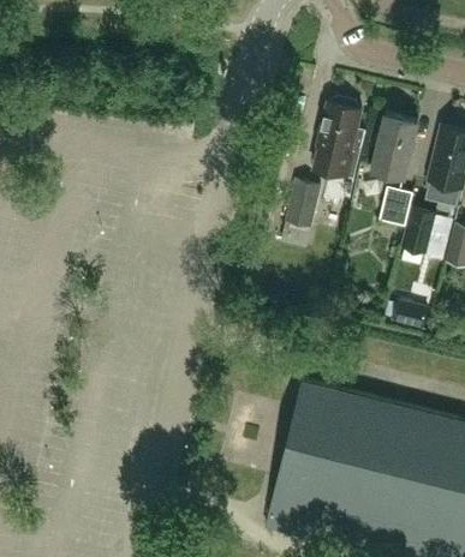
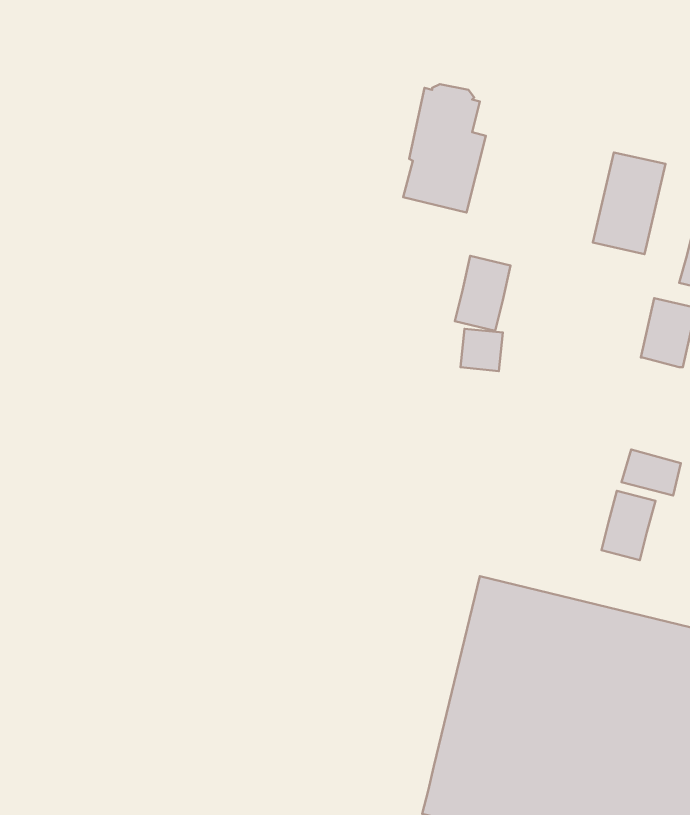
building: [314,96,365,176] -> [403,84,486,213]
building: [380,184,412,222] -> none
building: none -> [602,491,655,560]

